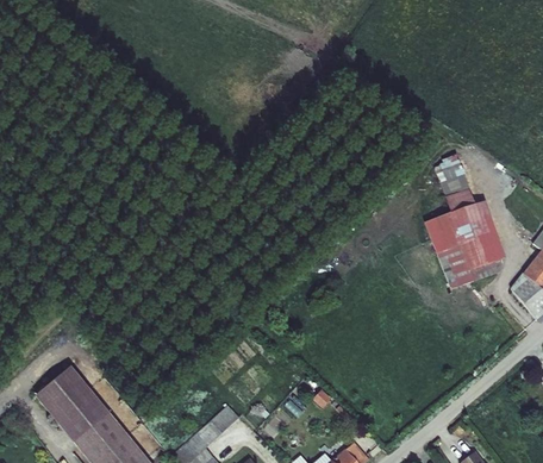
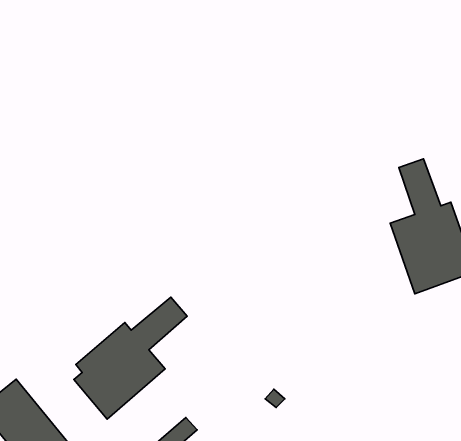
building: none -> [74,297,187,419]

